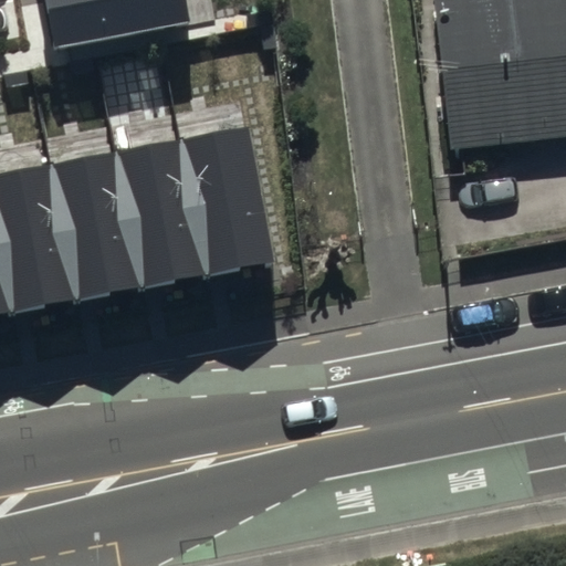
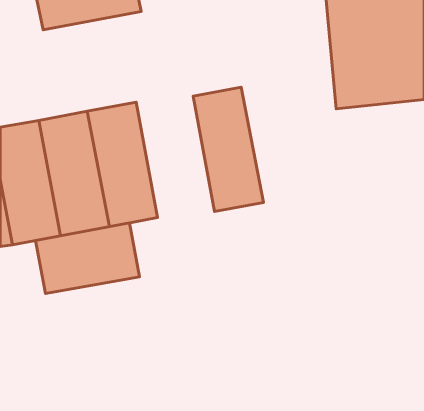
building: [181,124,275,290] -> [193,87,264,212]
building: none -> [36,223,139,294]

